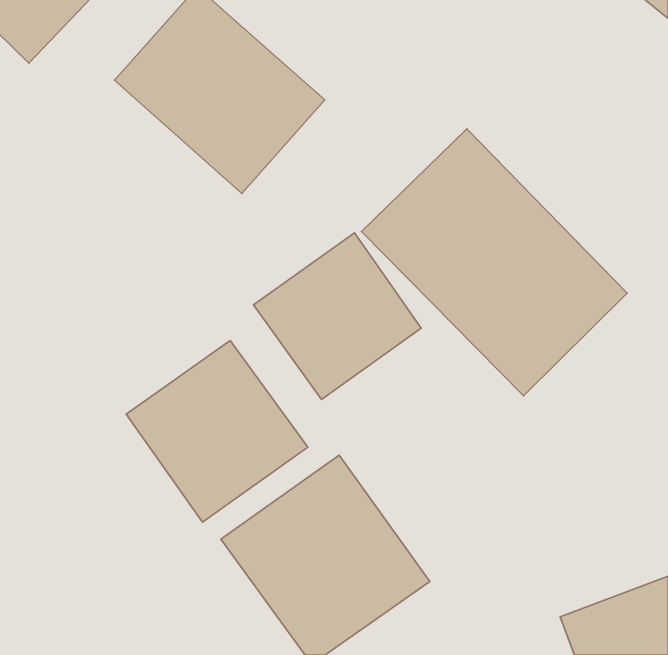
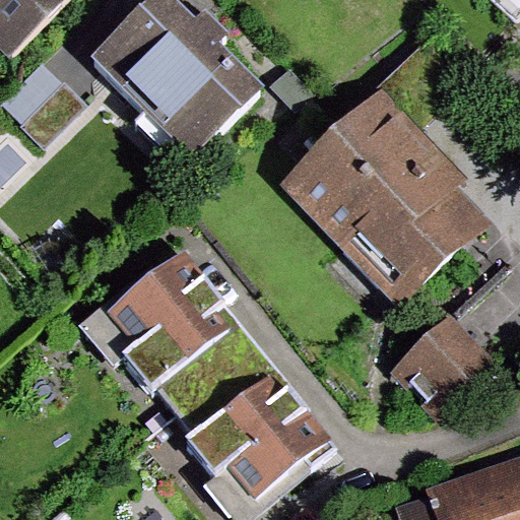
building: [254,233,421,399] -> none
building: none -> [394,312,502,419]

